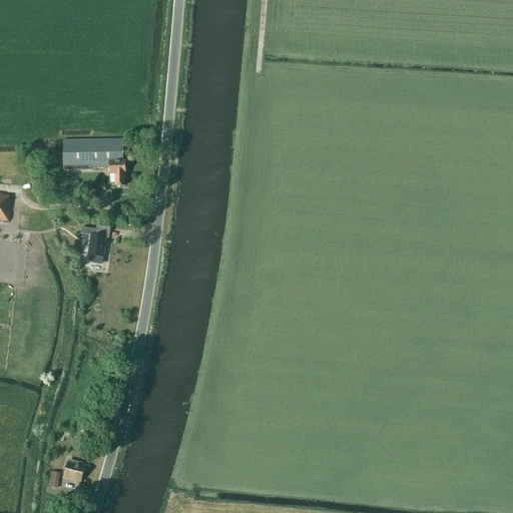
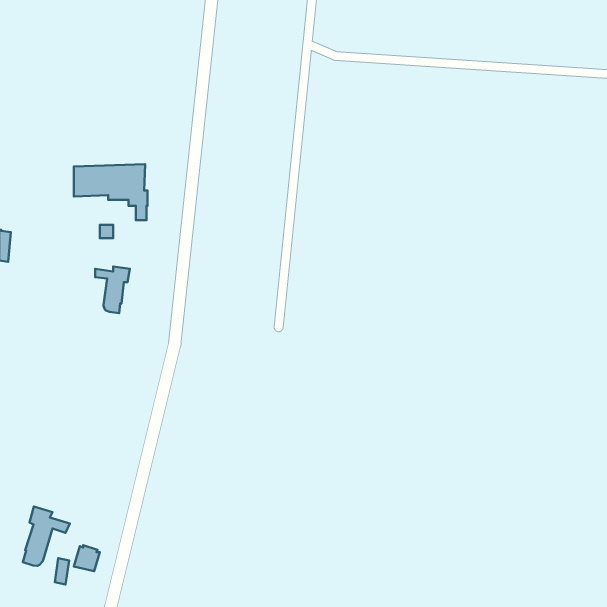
building: none -> [23,507,70,566]

